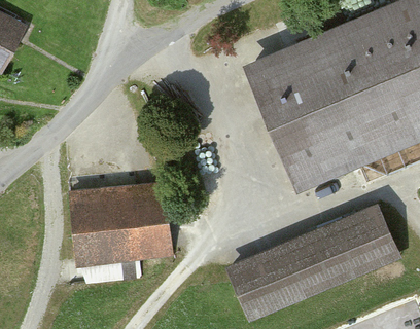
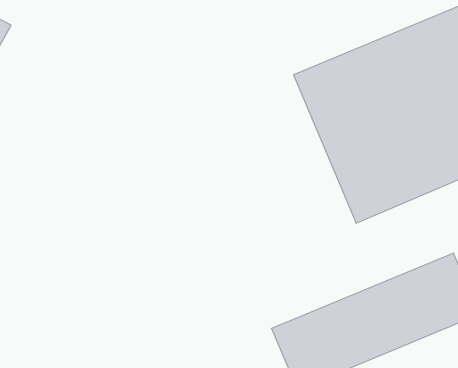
building: [72,186,168,263] -> none

